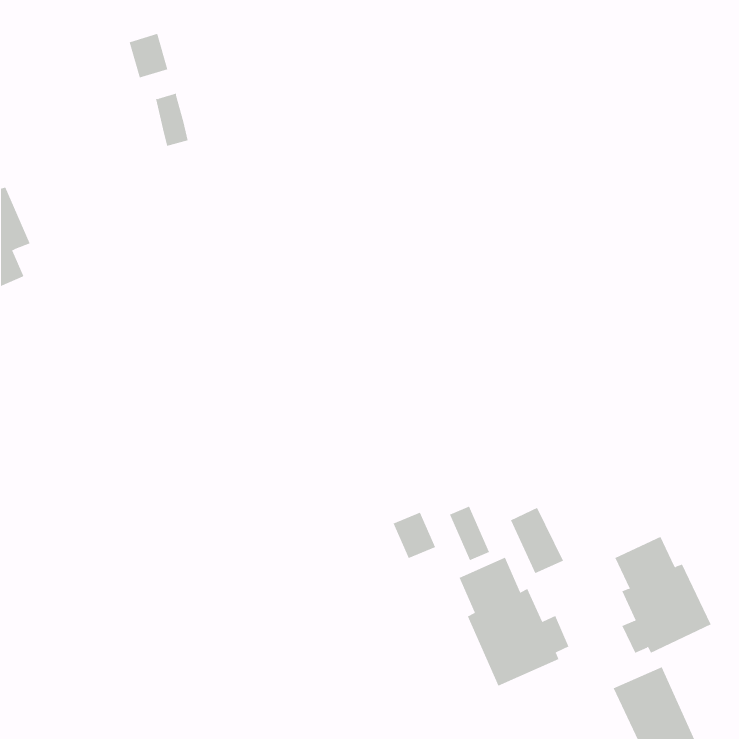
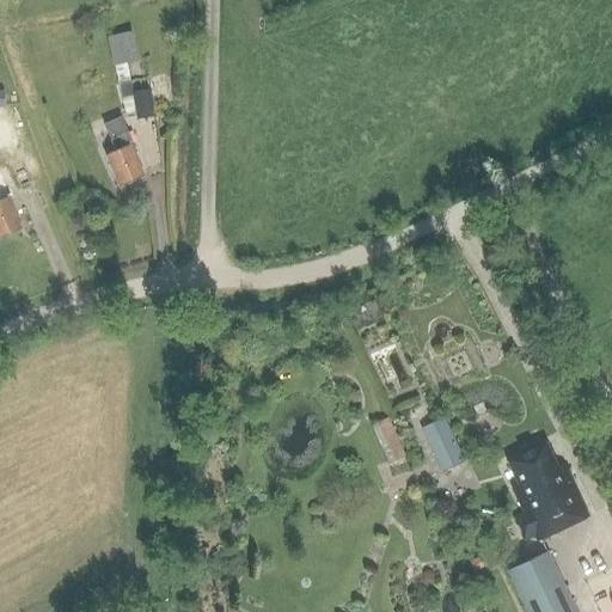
building: none -> [104,118,143,186]
building: [393,512,436,559] -> none
building: [459,557,569,686] -> none

